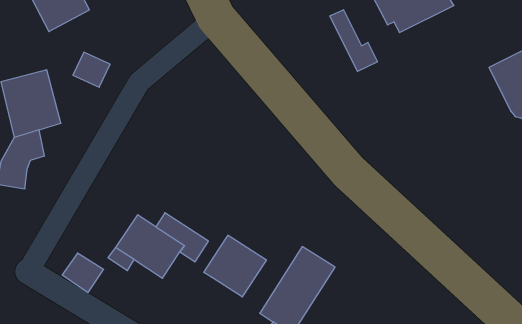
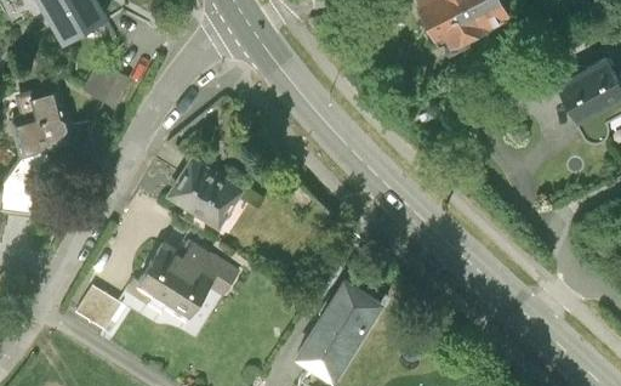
building: [330,10,377,71] -> none
building: none -> [166,159,240,228]
building: [204,235,266,297] -> none

